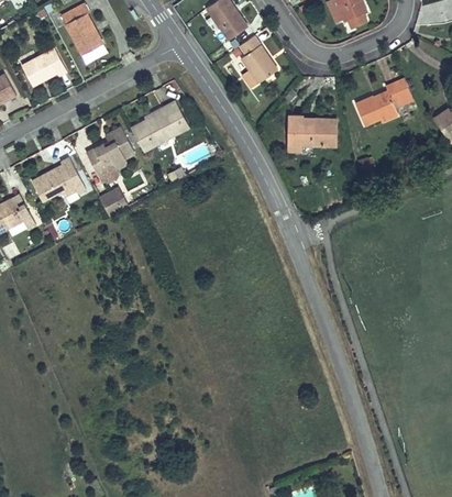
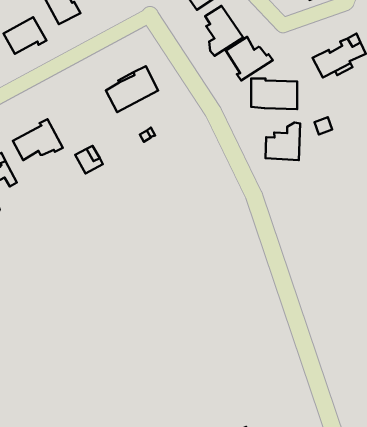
building: none -> [226,37,273,80]
building: [85,126,133,184] -> none
building: none -> [266,123,300,160]

